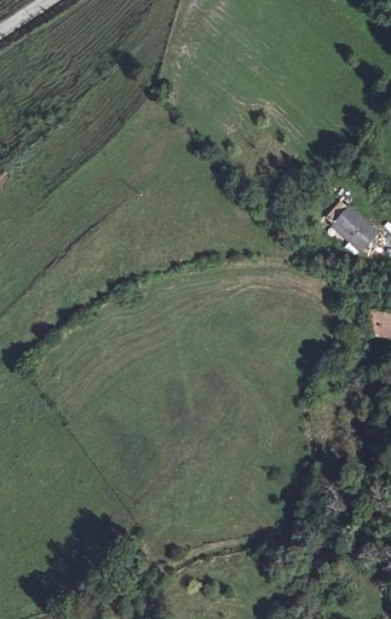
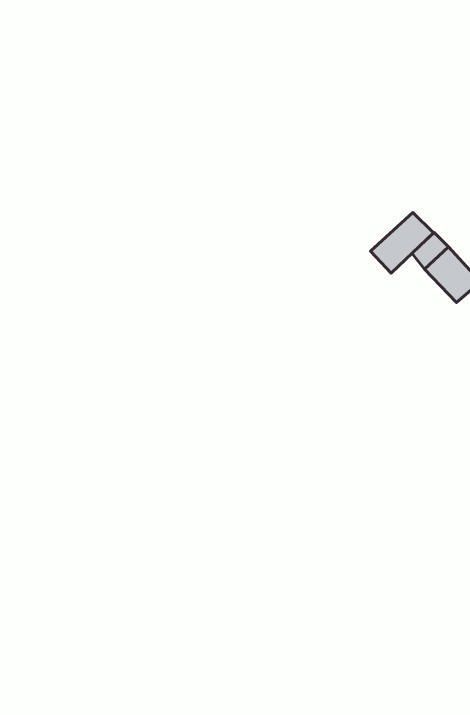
building: none -> [371,213,433,273]

